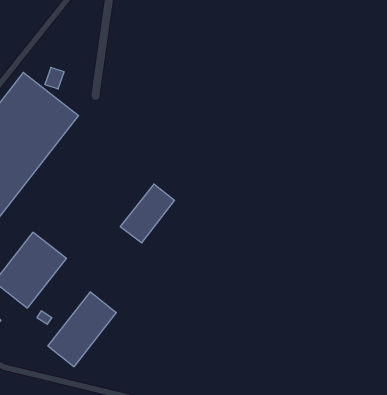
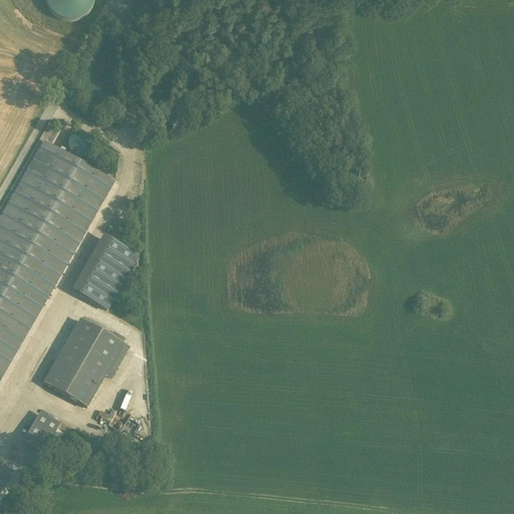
building: [120,184,175,243] -> [79,239,137,307]
building: [48,292,116,367] -> none

